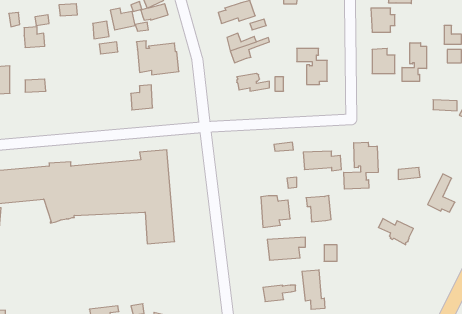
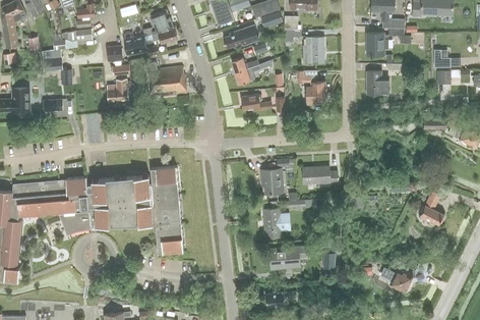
building: none -> [302,37,323,62]
building: [402,43,427,81] -> none
building: [131,85,153,110] -> [107,77,127,101]
building: [344,142,378,189] -> none
building: [306,196,331,222] -> [259,168,283,193]
building: [378,219,413,245] -> [379,267,412,291]
building: [302,270,325,309] -> none

